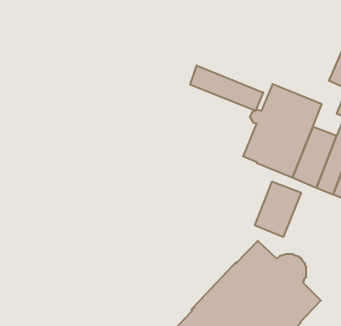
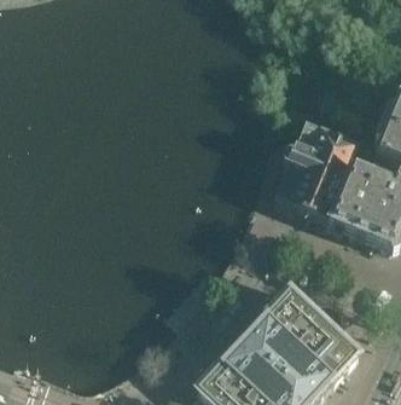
building: [190,65,263,111] -> none
building: [255,182,301,237] -> none

